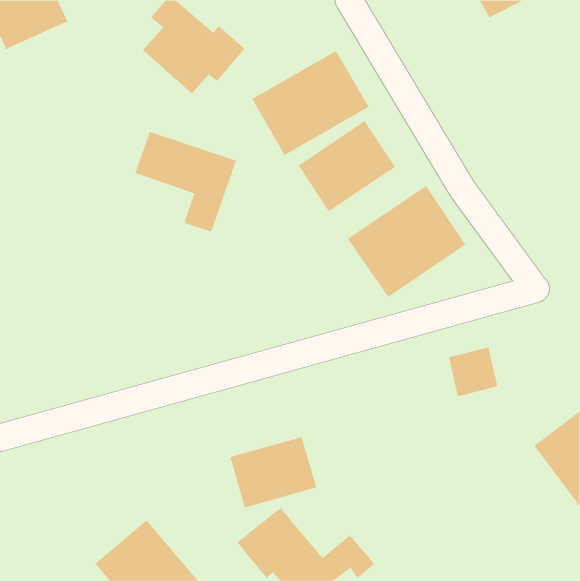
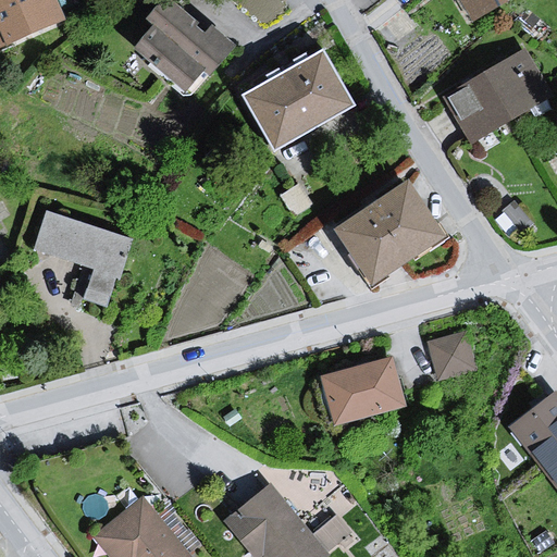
building: none -> [447,51,544,134]
building: [298,120,396,212] -> none
building: [134,131,237,232] -> [33,211,131,308]
building: [230,436,317,508] -> [320,357,404,425]

